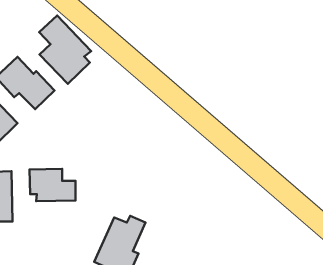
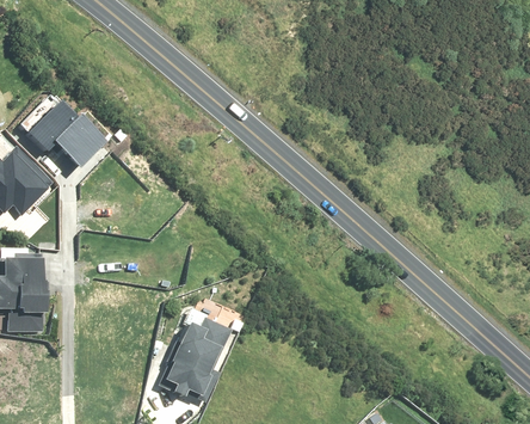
building: [39,16,91,84] -> none
building: [30,169,75,201] -> none

